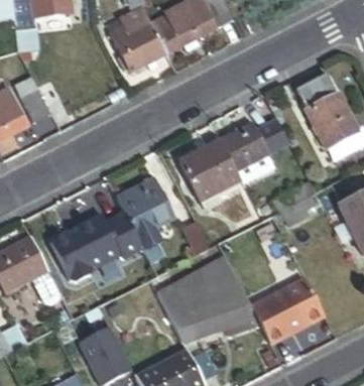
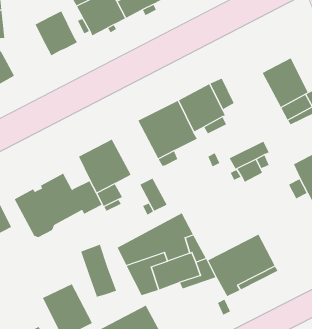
building: none -> [35,10,78,56]
building: [296,73,338,110] -> none
building: none -> [80,244,117,298]

